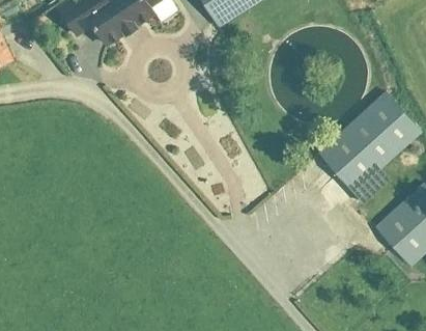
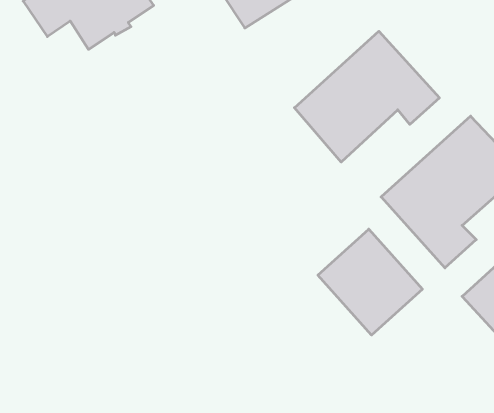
building: none -> [294,31,439,162]
building: none -> [318,229,422,335]

